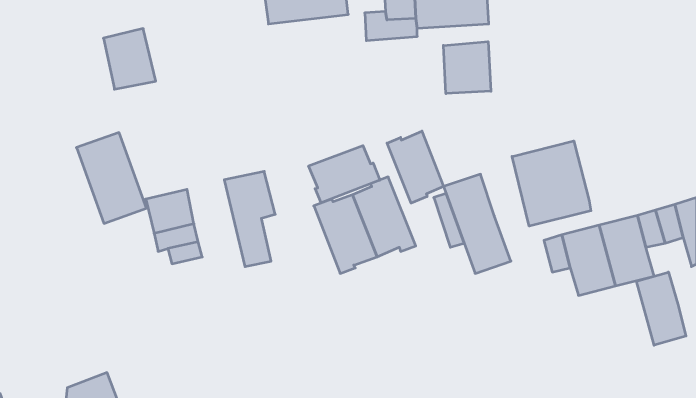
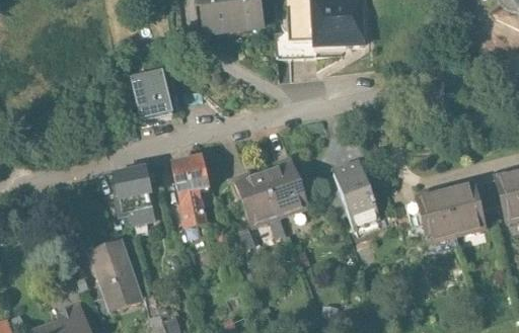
building: [103,29,156,89] -> [132,72,170,116]
building: [443,42,491,94] -> none
building: [387,131,443,203] -> none
building: [76,133,147,223] -> [89,236,141,303]
building: [512,141,591,226] -> none
building: [309,146,380,203] -> none
building: [637,272,686,345] -> none

